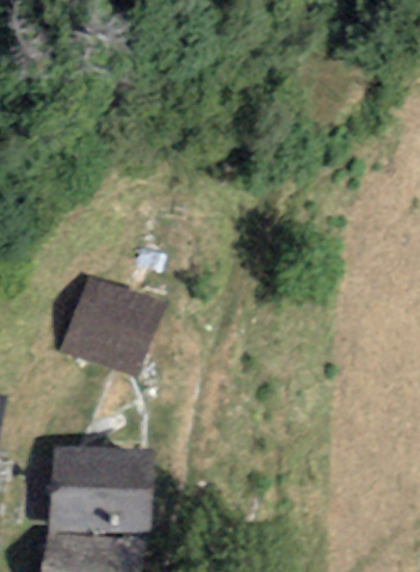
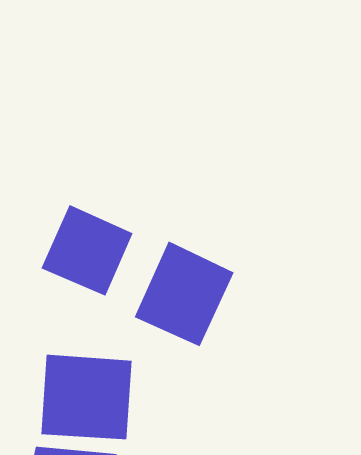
building: none -> [134,241,234,347]

